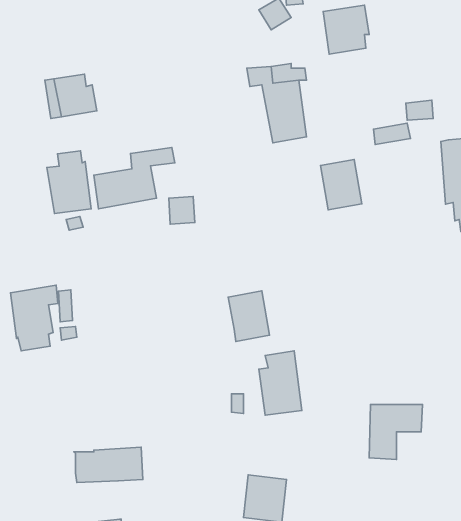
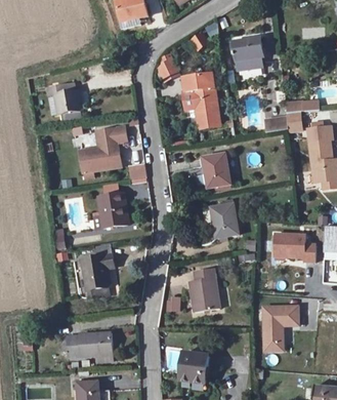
building: none -> [154,54,180,82]
building: [47,151,91,213] -> [96,186,126,228]
building: [320,159,362,210] -> [201,154,228,188]
building: [10,285,58,351] -> [80,254,112,298]
building: [228,291,269,341] -> [209,204,237,238]
building: none -> [278,230,319,258]

